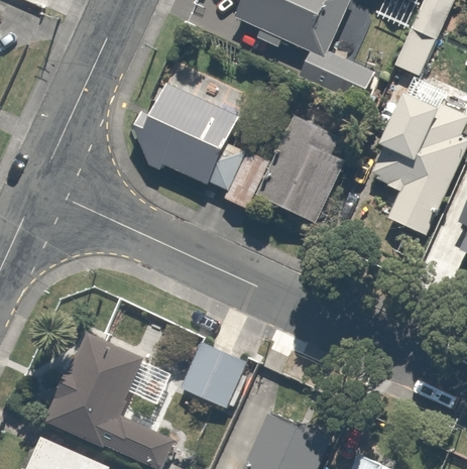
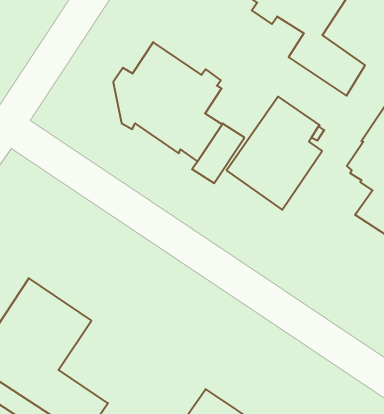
building: [179,341,250,411] -> none

